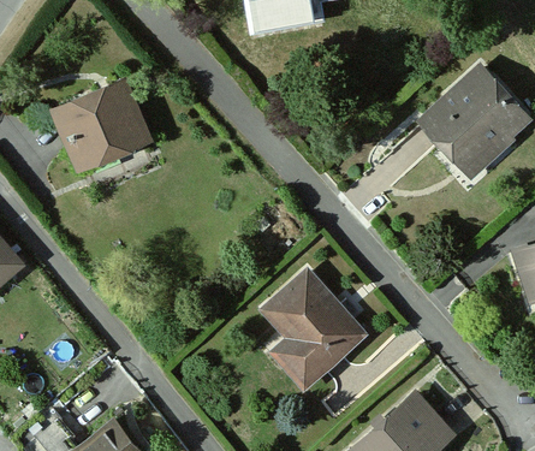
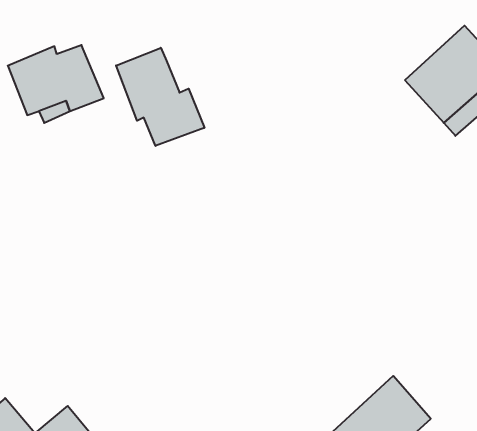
building: none -> [116,48,204,146]
building: [267,272,361,384] -> none

